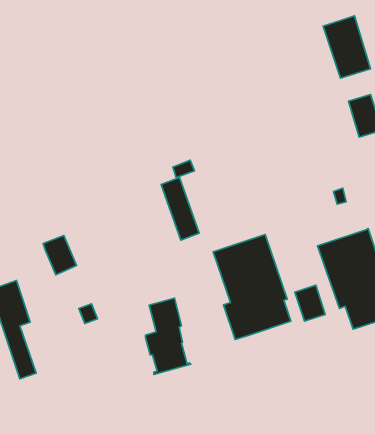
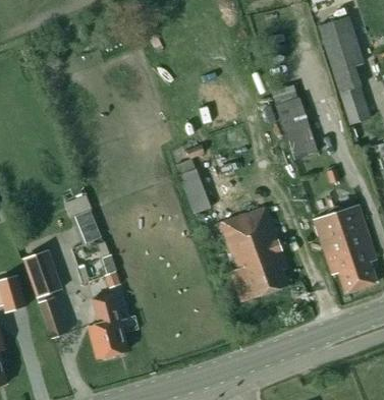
building: none -> [269,83,318,160]
building: [295,285,325,321] -> none
building: [146,298,191,375] -> [89,292,128,359]

